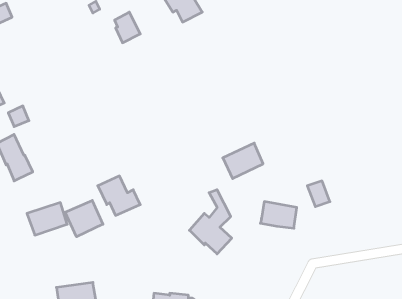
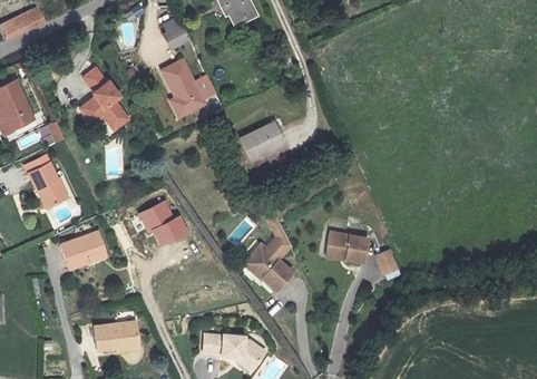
building: none -> [160,58,215,118]
building: none -> [80,67,128,127]
building: [223,143,263,179] -> [241,122,286,162]
building: [307,181,330,207] -> [374,249,400,278]
building: [65,200,103,237] -> none

